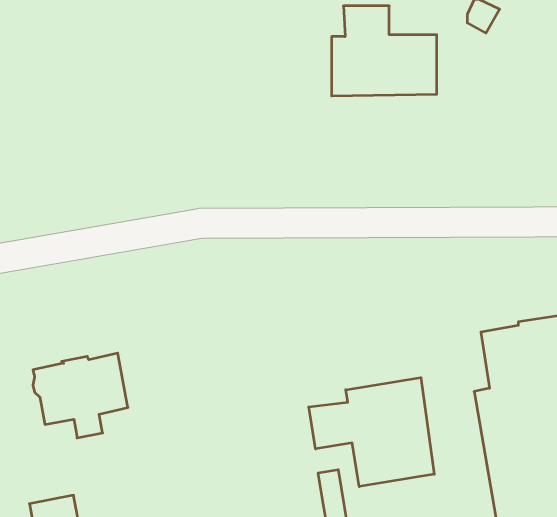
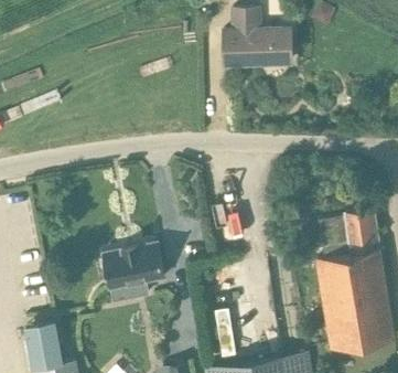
building: [33,353,128,438] -> [101,243,163,298]
building: [309,378,434,487] -> none

